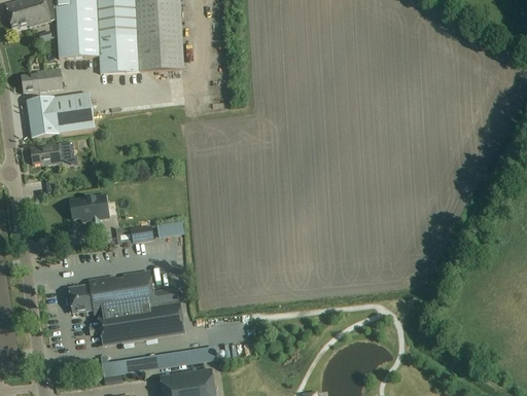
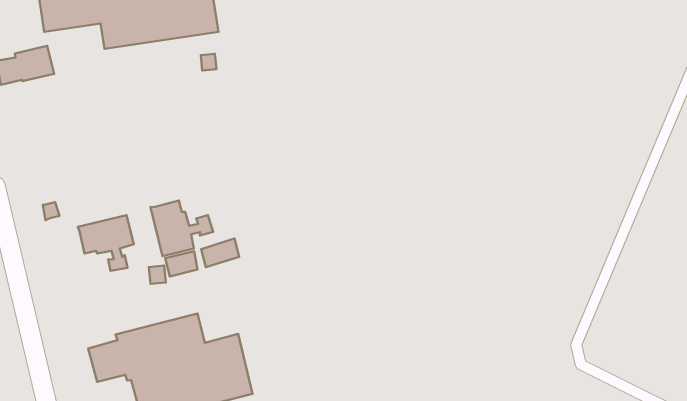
building: [27,92,94,137] -> none
building: [30,140,74,164] -> none
building: none -> [151,201,213,256]

